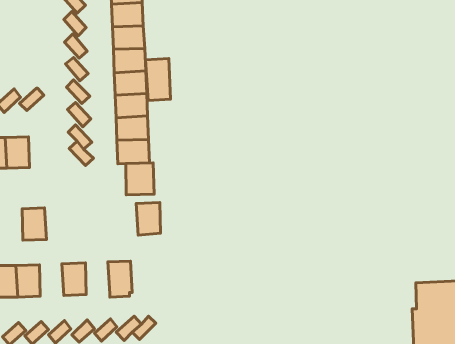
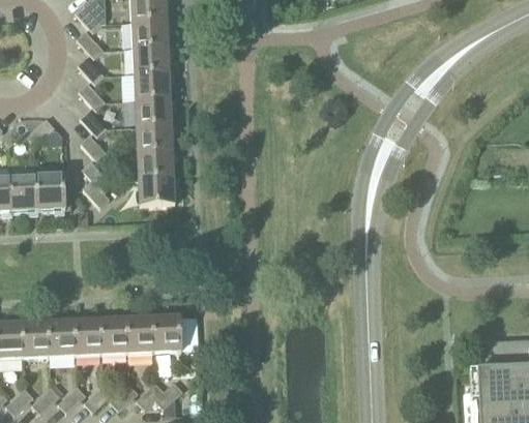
building: [145,59,171,100] -> none
building: none -> [36,173,65,209]
building: [126,163,154,195] -> none
building: [136,203,161,235] -> [153,315,181,353]
building: [22,208,46,240] -> [49,320,77,357]
building: none -> [101,318,129,359]

